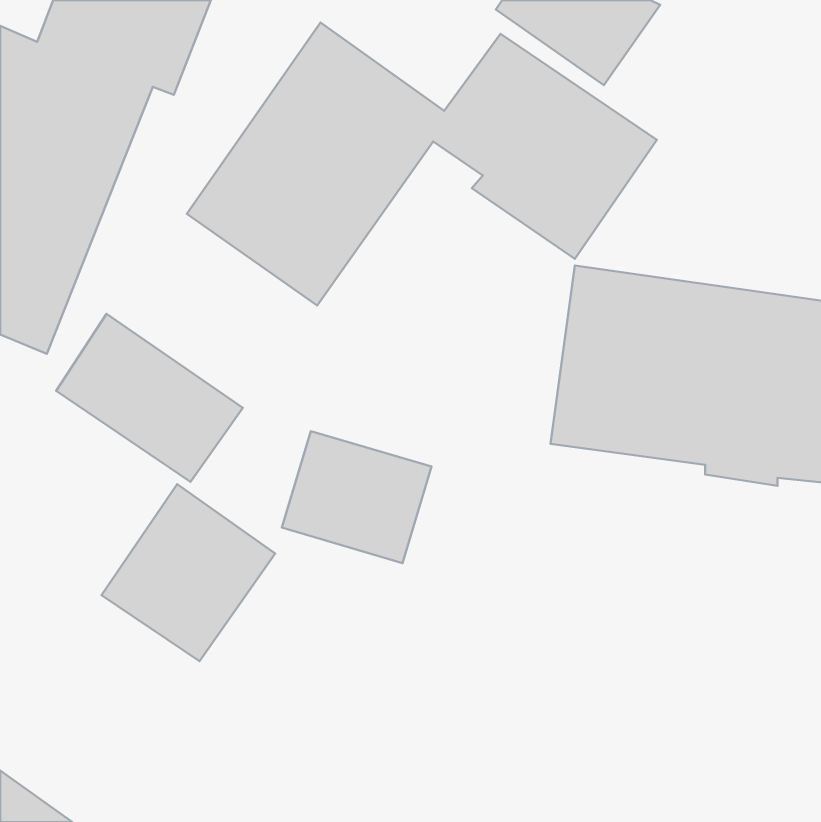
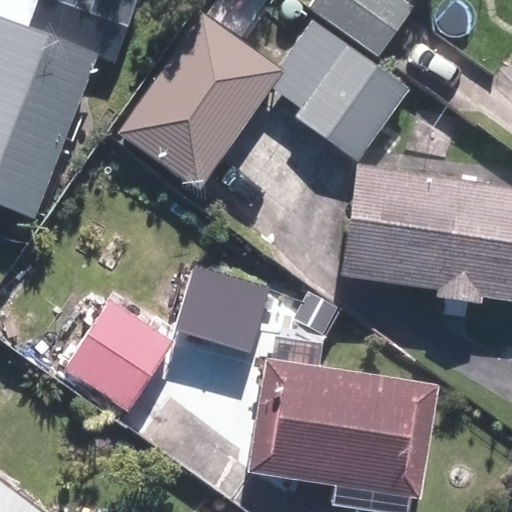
building: [56,314,243,482] -> none
building: none -> [249,359,437,496]

